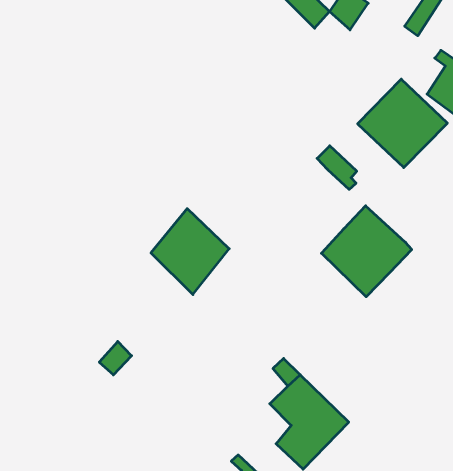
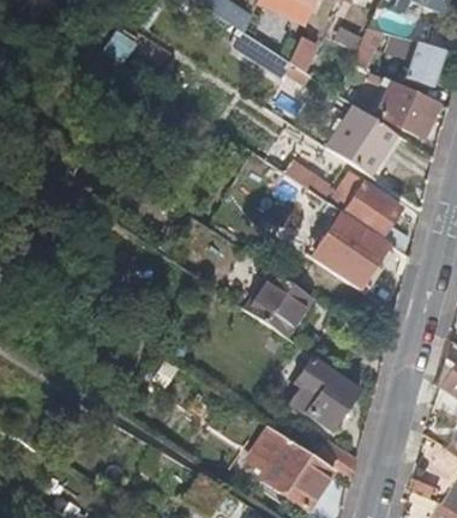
building: none -> [344,183,397,237]
building: [151,209,229,295] -> [246,270,308,338]

